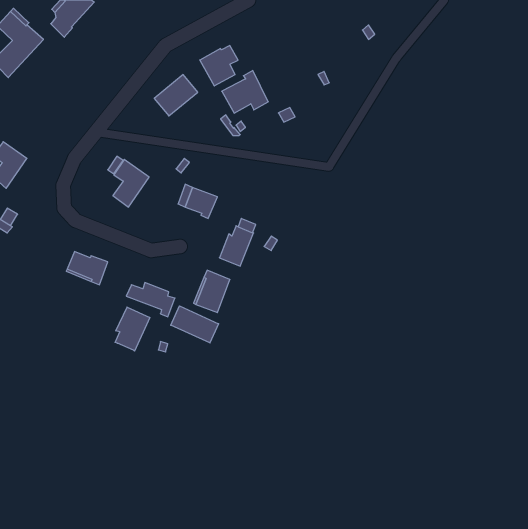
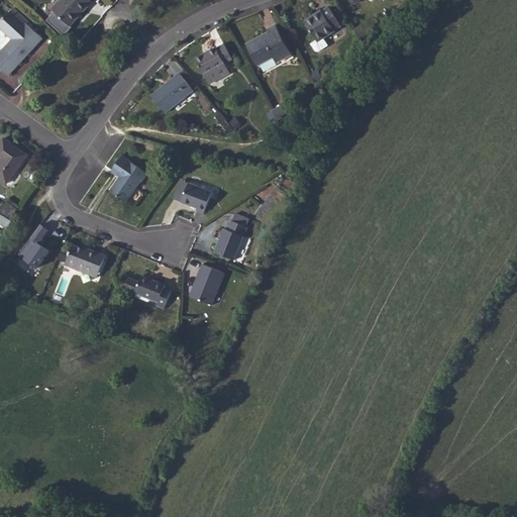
building: none -> [304,7,340,51]
building: [222,71,268,113] -> [245,24,291,66]
building: none -> [18,225,48,269]
building: [171,306,219,343] -> none
building: [115,307,150,351] -> none

